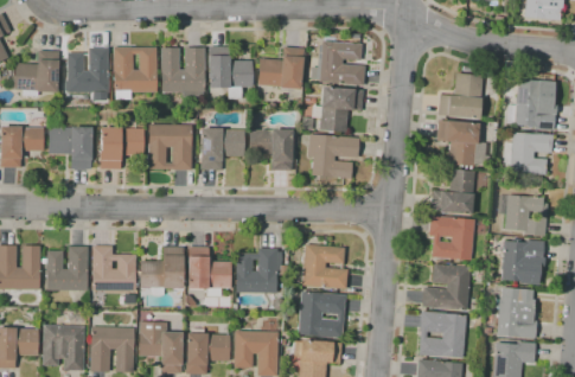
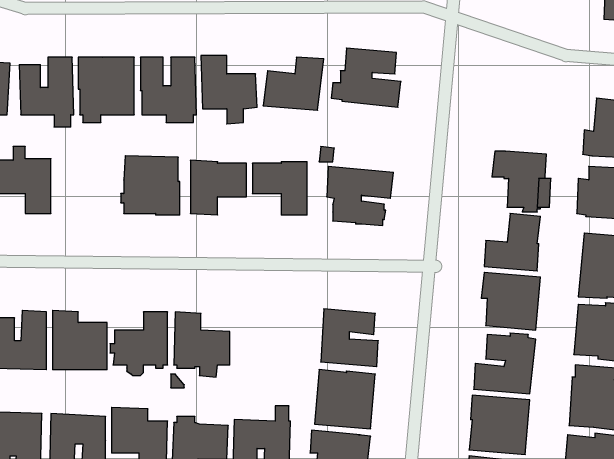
building: [437,74,481,119] -> none
building: [319,87,363,134] -> none
building: [100,127,143,170] -> none
building: [235,249,287,294] -> none

